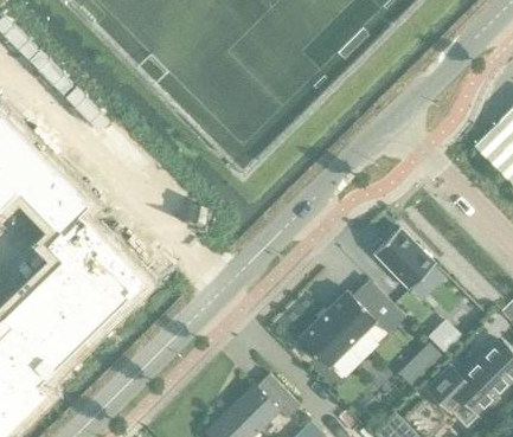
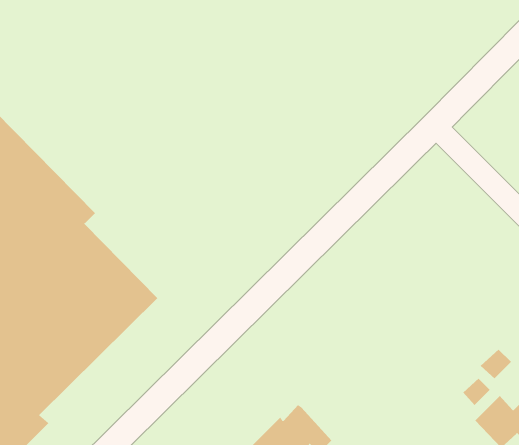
building: [373,229,435,289] -> none
building: [299,283,405,378] -> none

